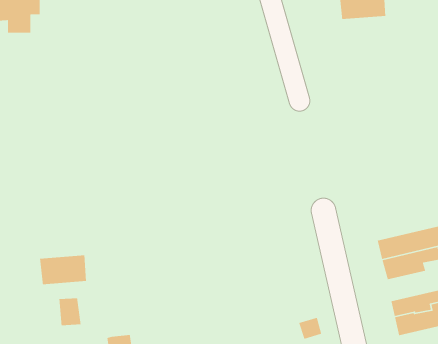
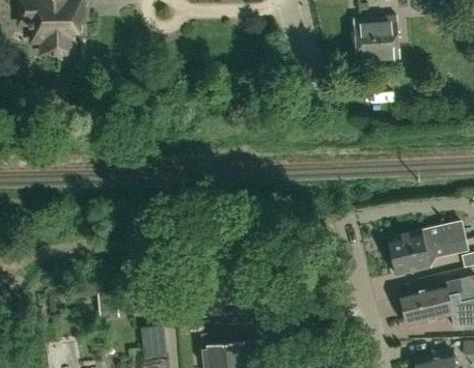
building: none -> [355,35,397,60]
building: [39,254,87,285] -> none

